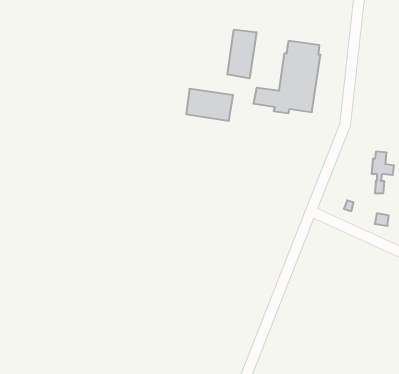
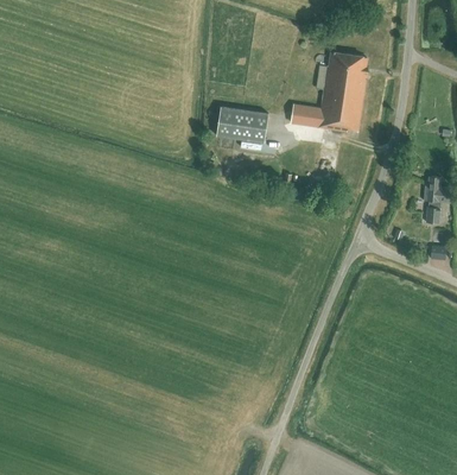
building: [227,30,257,78] -> none

